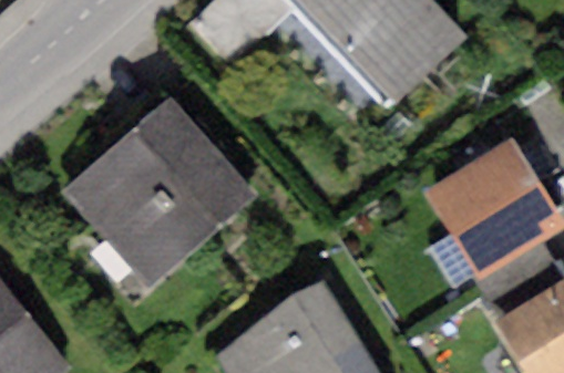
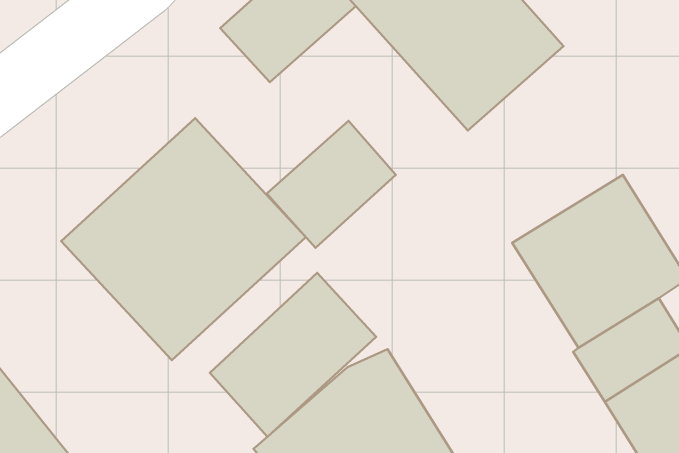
building: none -> [267,121,396,248]
building: none -> [210,273,376,437]

